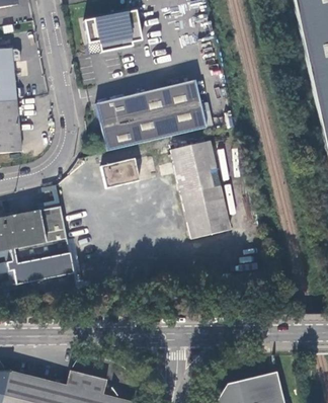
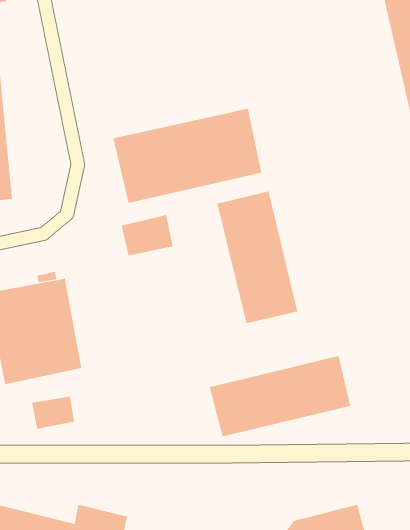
building: [85,9,142,51] -> none
building: none -> [209,355,351,437]
building: none -> [32,396,75,430]

